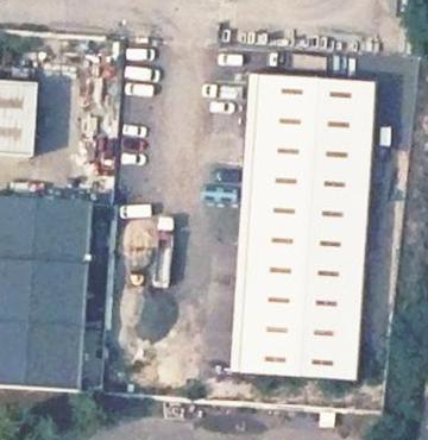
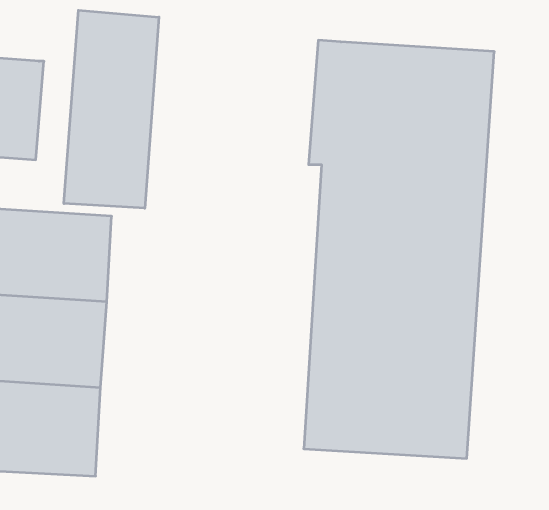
building: none -> [64,10,159,208]

